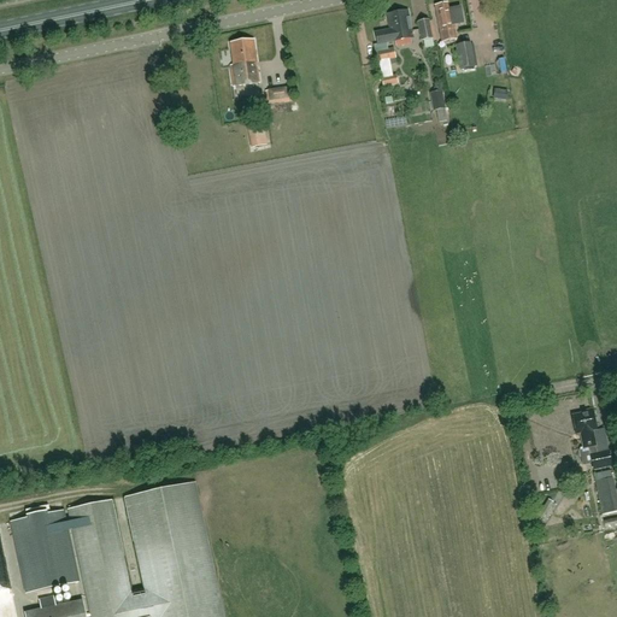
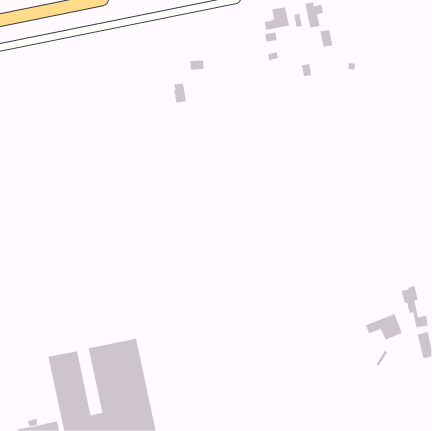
building: [229,39,259,84] -> none
building: none -> [365,313,402,341]
building: [11,505,77,593] -> none

